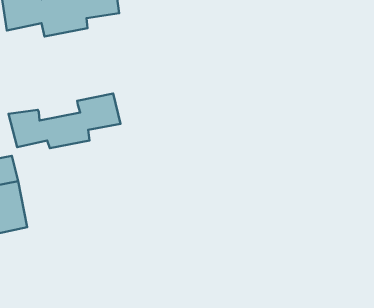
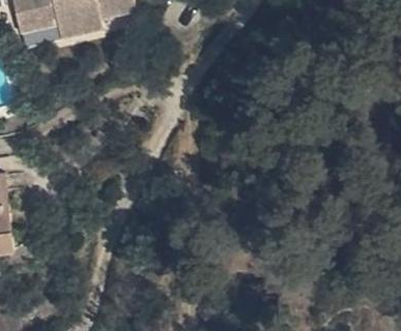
building: [9,94,121,148] -> none

